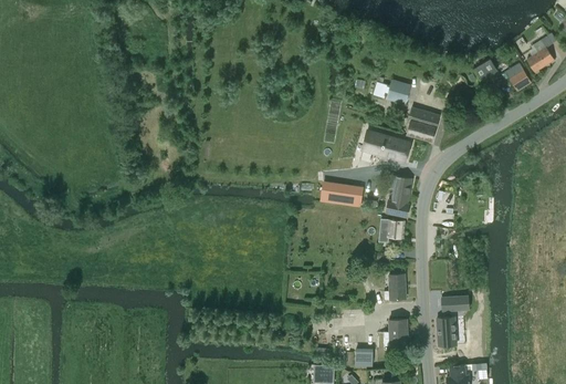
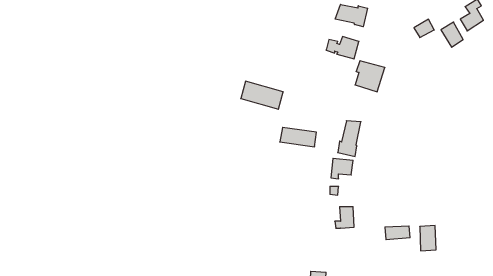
building: none -> [335,4,368,27]
building: [363,129,411,162] -> [241,81,283,109]
building: [438,316,457,345] -> [420,226,436,251]
building: [389,319,408,345] -> none

